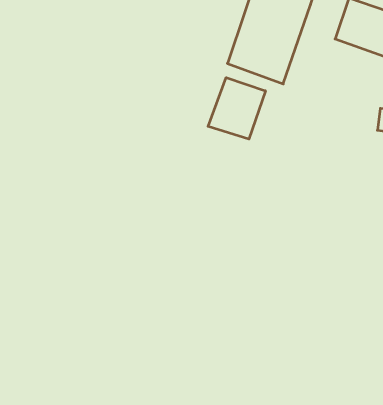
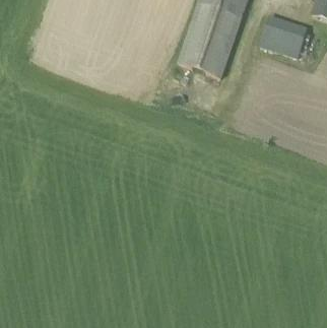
building: [208,78,265,139] -> none

